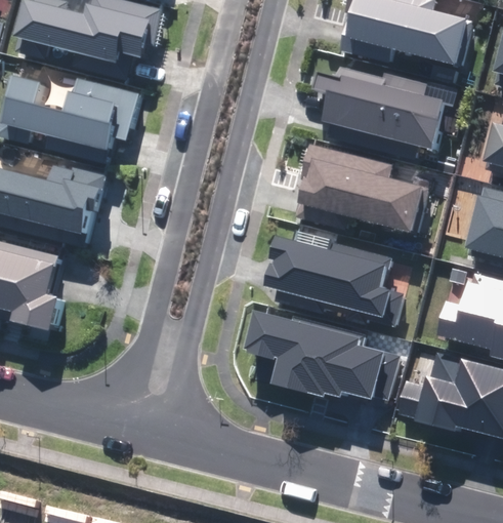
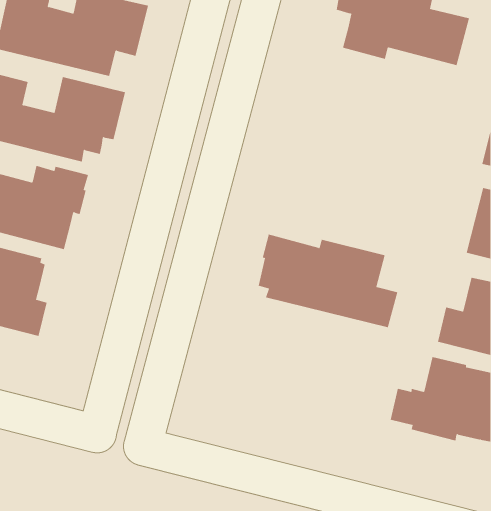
building: [312,70,448,151] -> none
building: [299,143,427,234] -> none
building: [248,311,400,400] -> none

